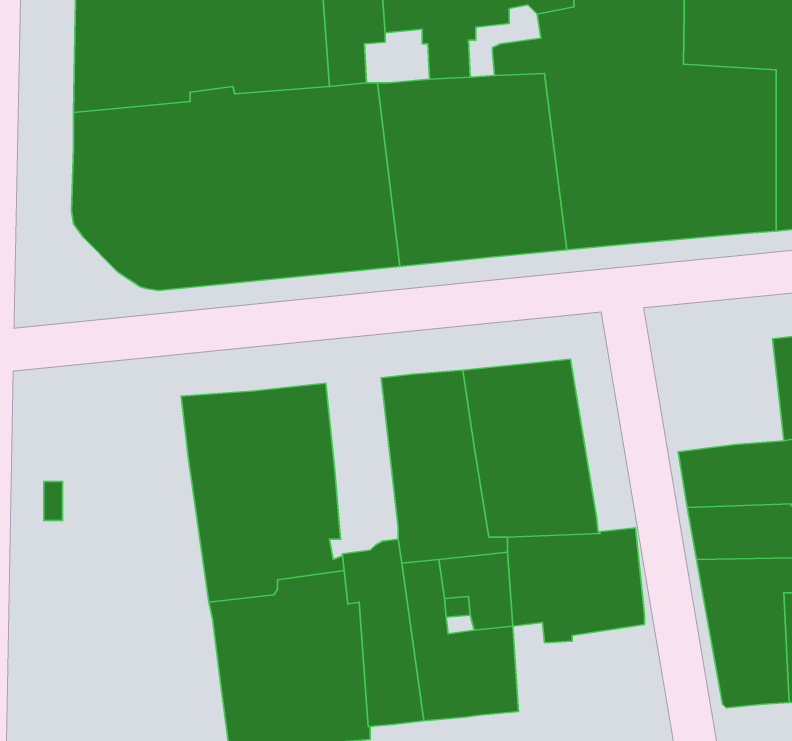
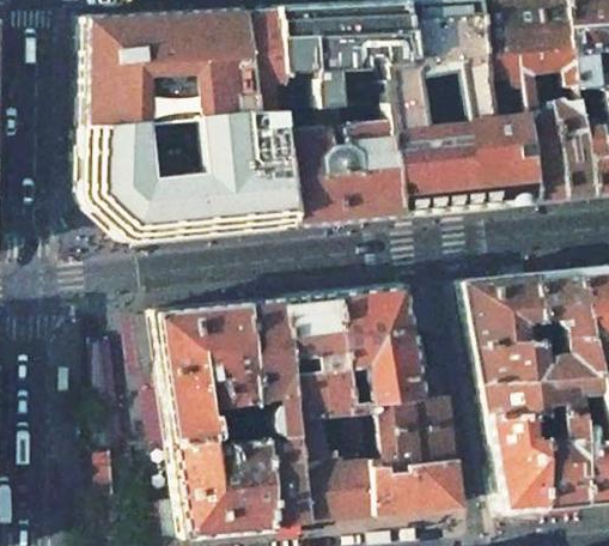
building: none -> [468,271,547,344]
building: none -> [251,296,298,401]
building: none -> [372,454,462,511]

